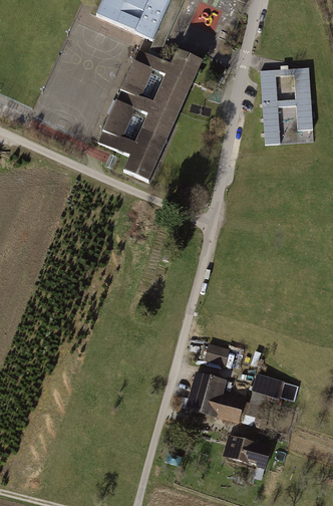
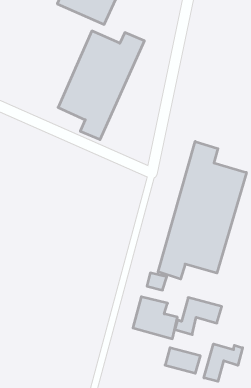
building: [259,67,313,144] -> none
building: none -> [158,141,246,279]
building: none -> [204,344,243,381]

